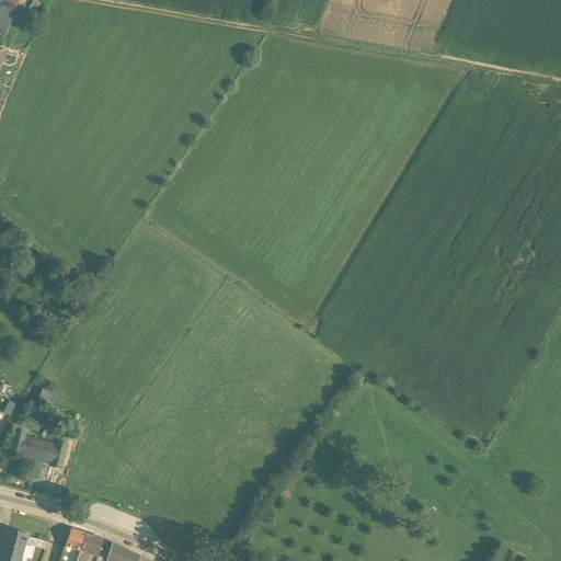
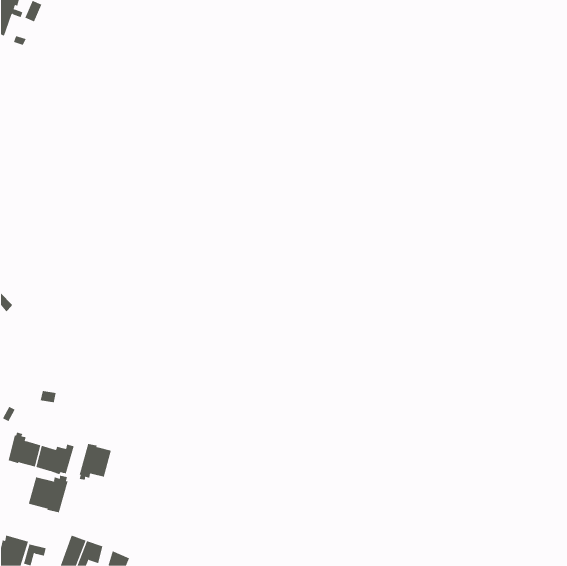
building: none -> [79,443,112,480]
building: none -> [28,475,68,513]

